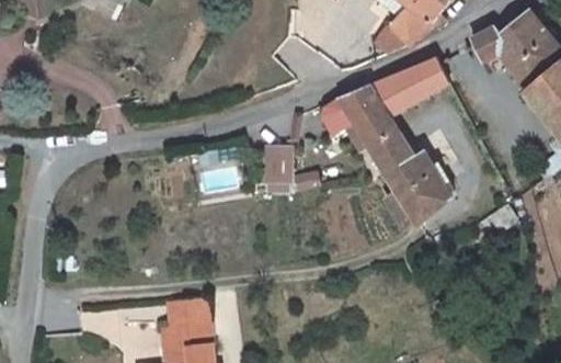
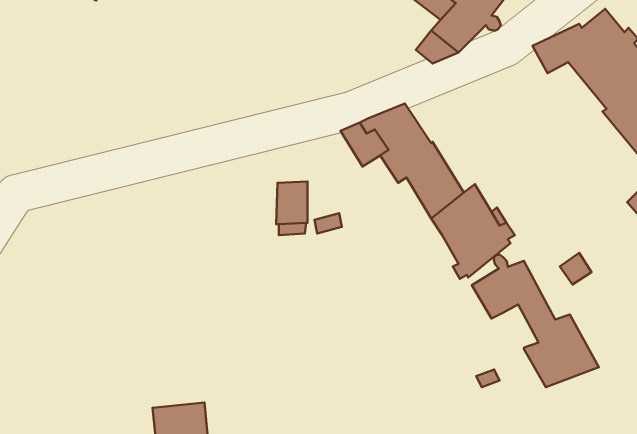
building: [367,57,448,117] -> none
building: none -> [472,254,599,387]
building: [162,299,207,329] -> none

